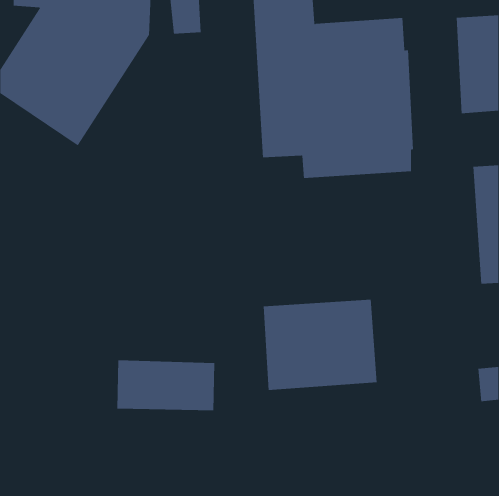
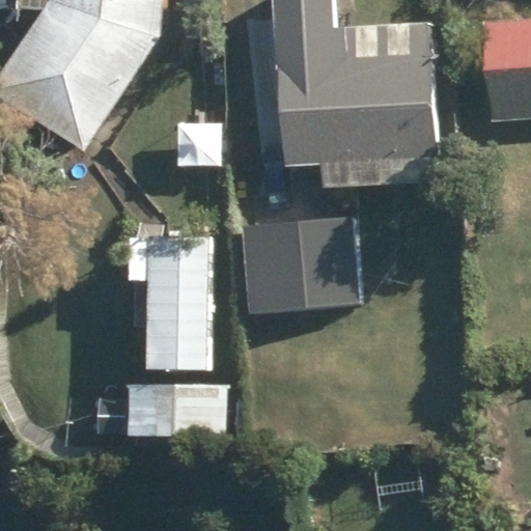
building: none -> [128,233,208,371]
building: [263,299,377,390] -> [240,216,361,312]

